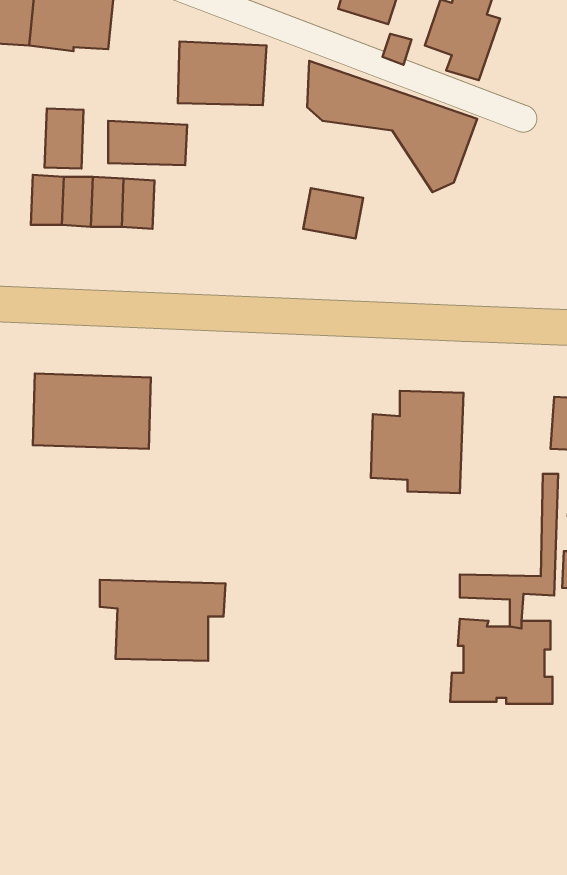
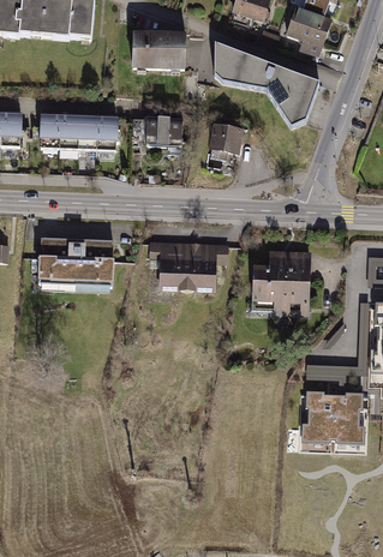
building: [45,109,84,169] -> none
building: [108,121,187,165] -> [139,116,188,144]
building: [100,580,225,661] -> [150,239,228,289]

